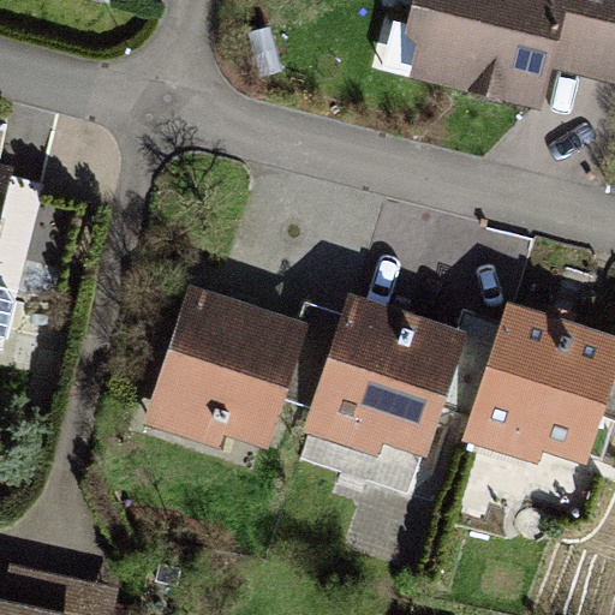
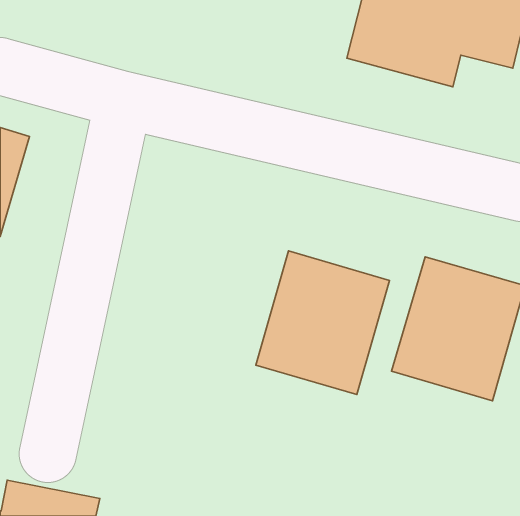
building: [148,289,306,459] -> none

